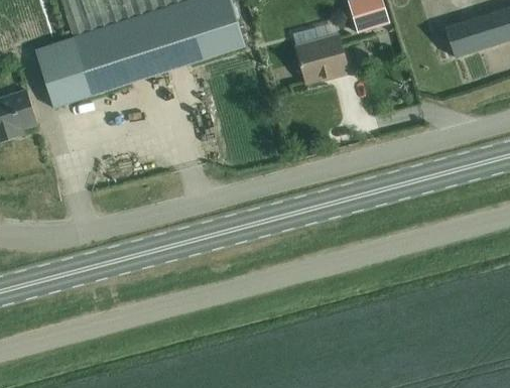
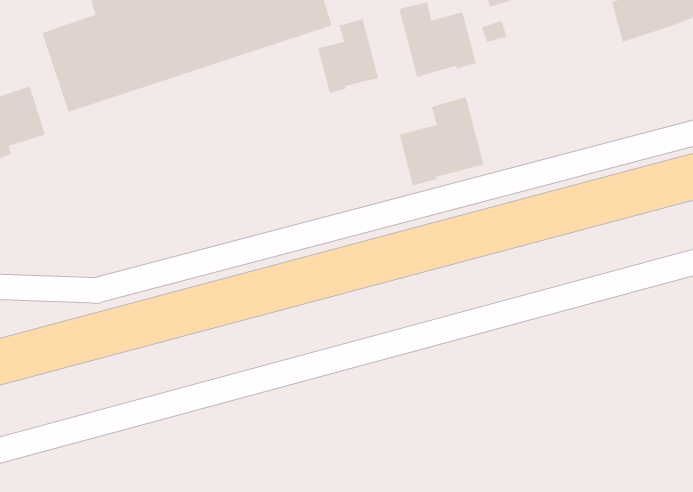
building: none -> [318,18,379,93]
building: none -> [399,96,484,186]

